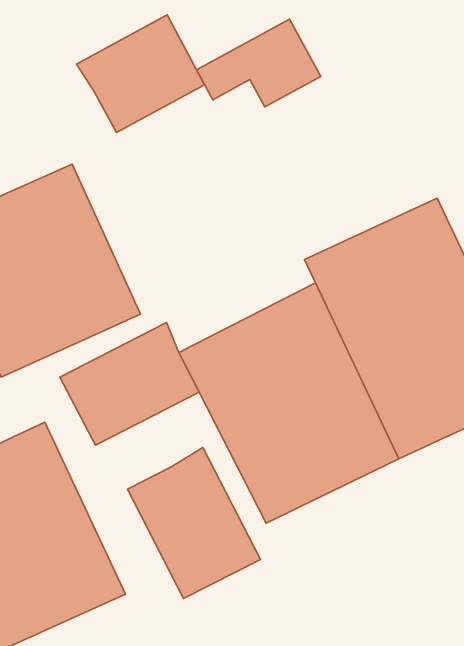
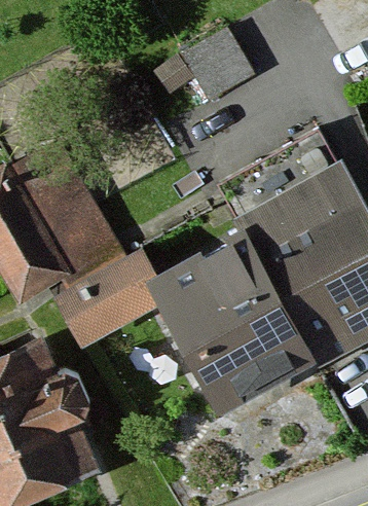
building: [77,15,205,133] -> none
building: [127,447,260,598] -> none

